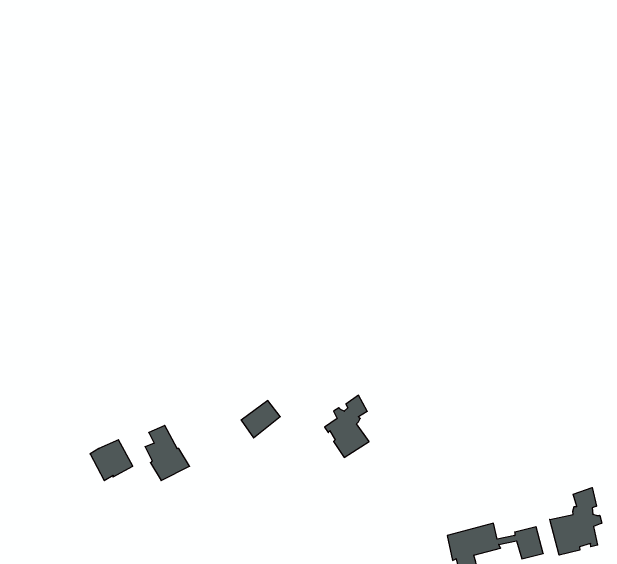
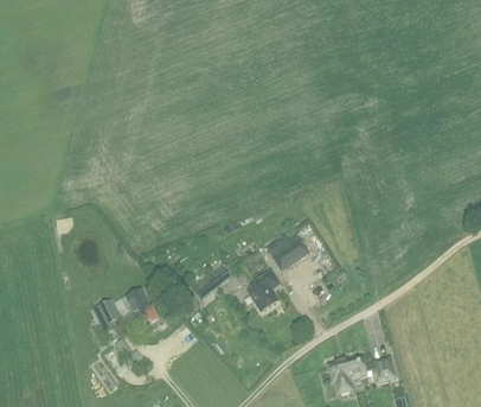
building: none -> [268,240,309,271]
building: [550,488,602,555] -> none

